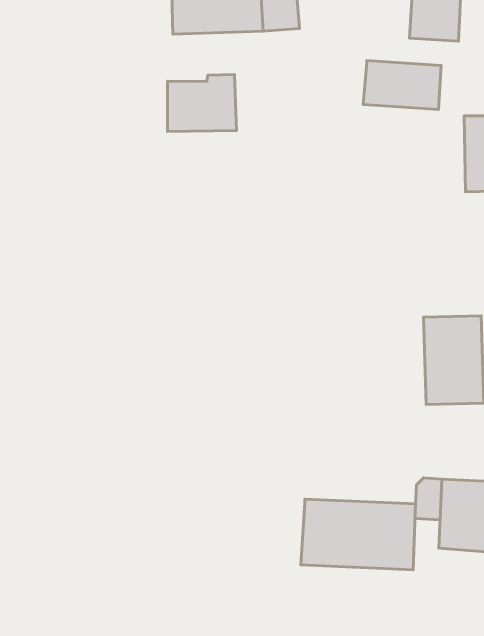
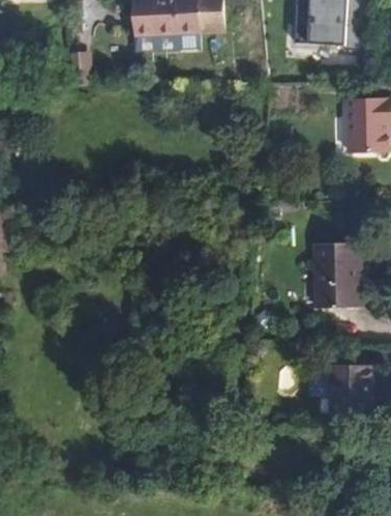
building: [363,61,441,109] -> none
building: [167,74,236,131] -> none
building: [301,499,416,570] -> none

